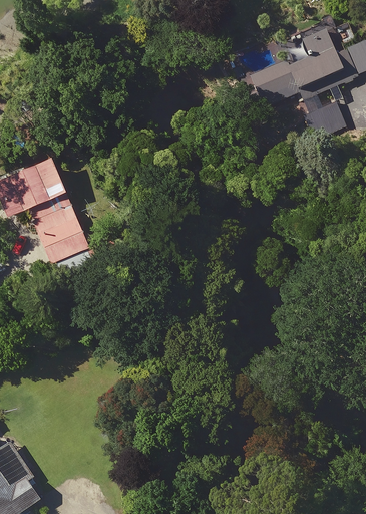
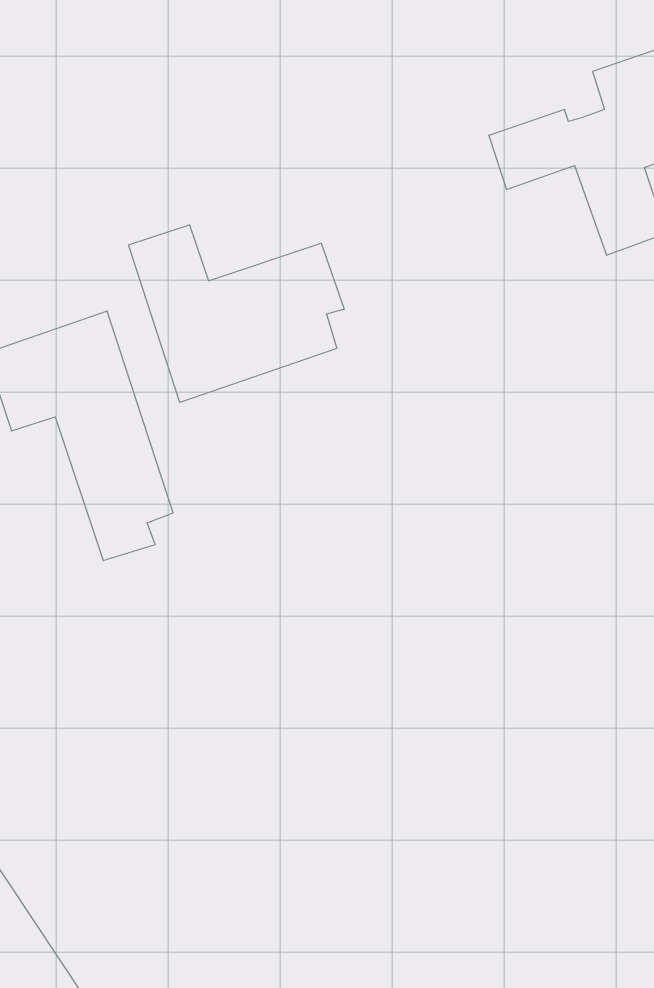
building: none -> [128,225,344,402]

